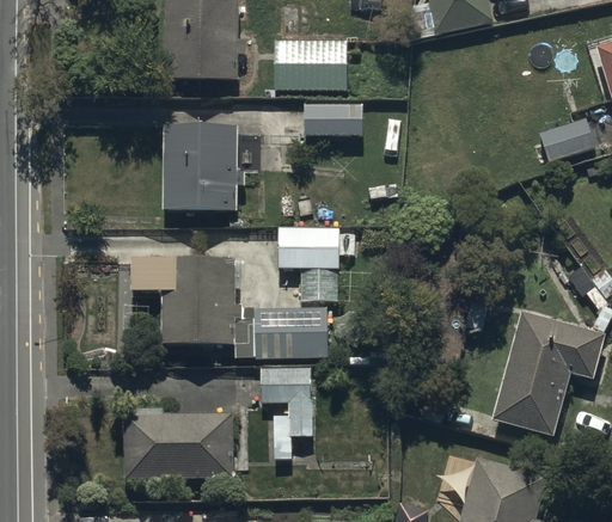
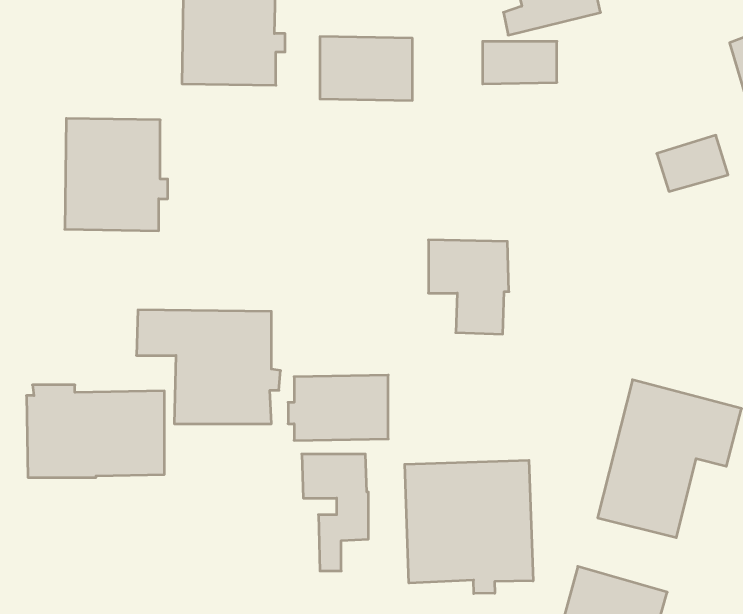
building: [304,104,362,137] -> [483,41,557,84]
building: [163,123,244,211] -> [65,118,168,231]
building: [277,227,341,301] -> [428,240,509,334]
building: none -> [405,460,533,594]
building: [124,409,233,481] -> [26,385,164,477]

